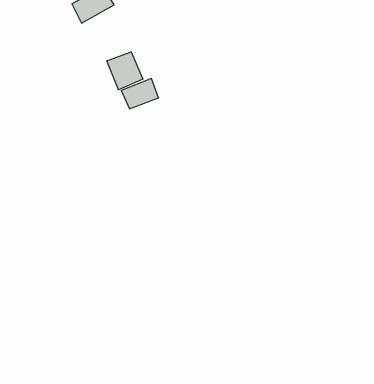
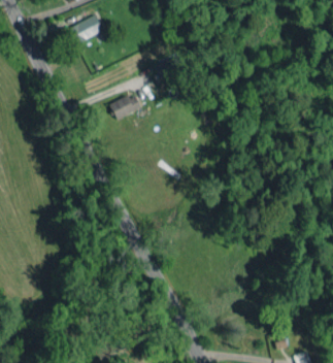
building: [107,52,143,90] -> none

